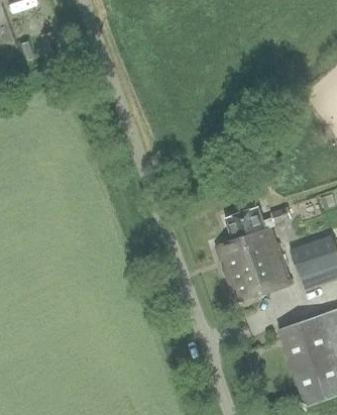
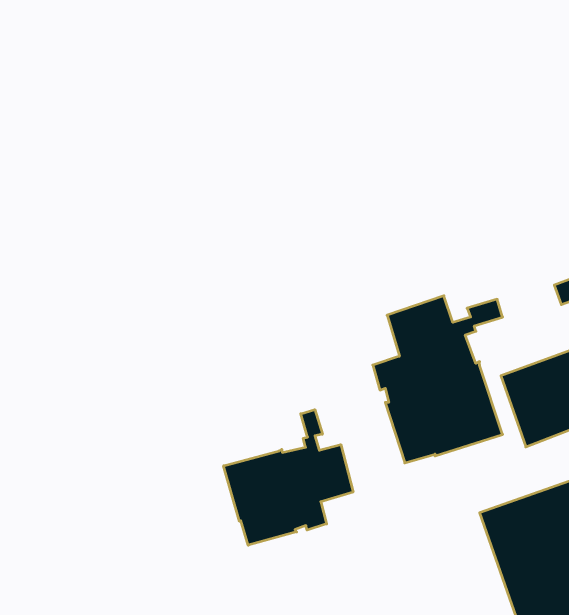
building: none -> [224,410,353,545]

